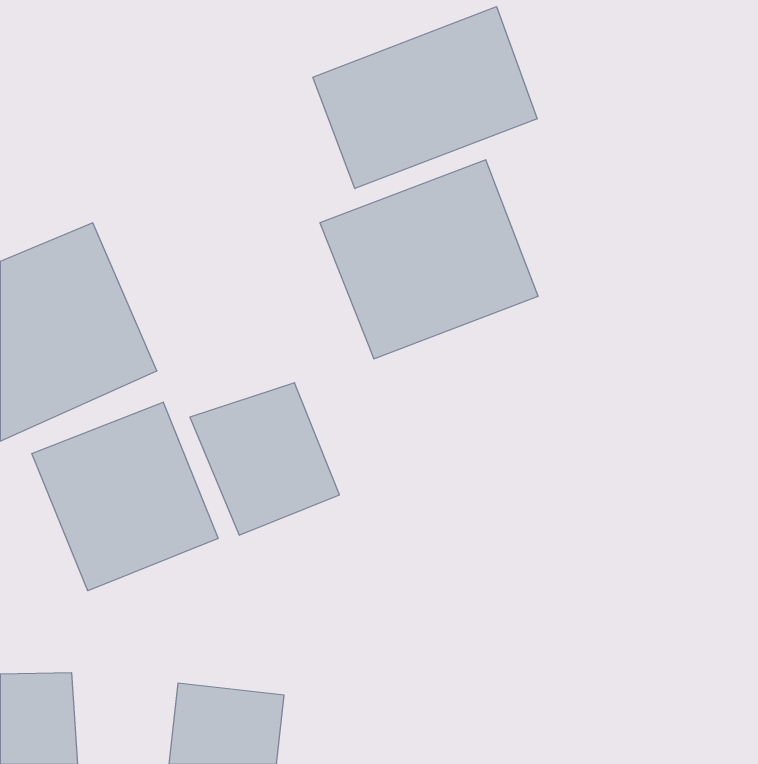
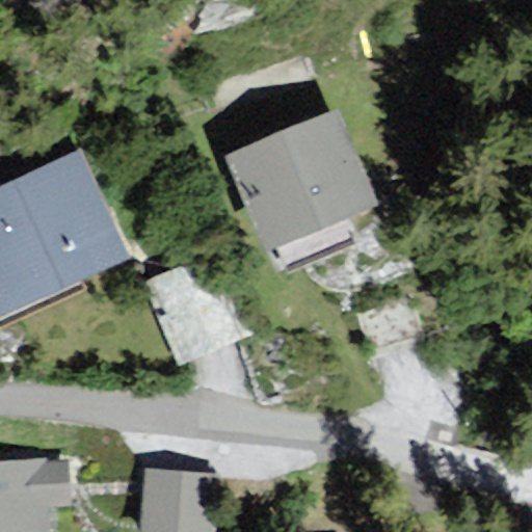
building: [313,7,537,189] -> none
building: [32,402,218,591] -> none

